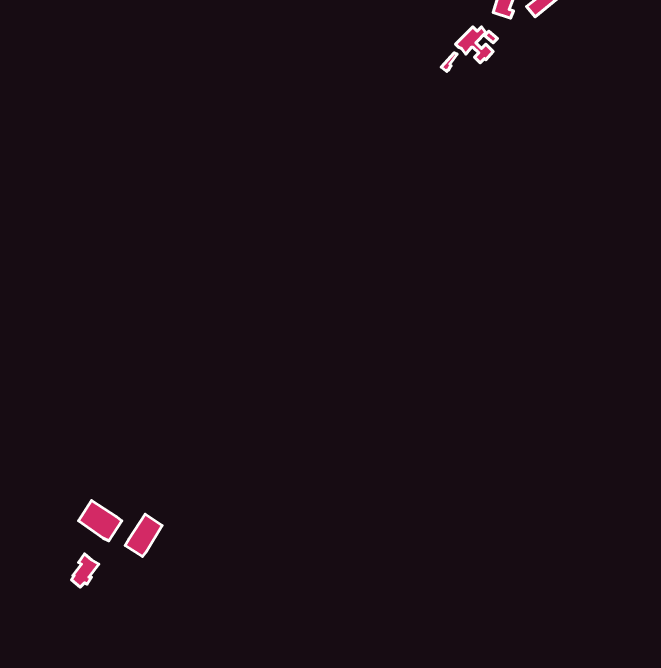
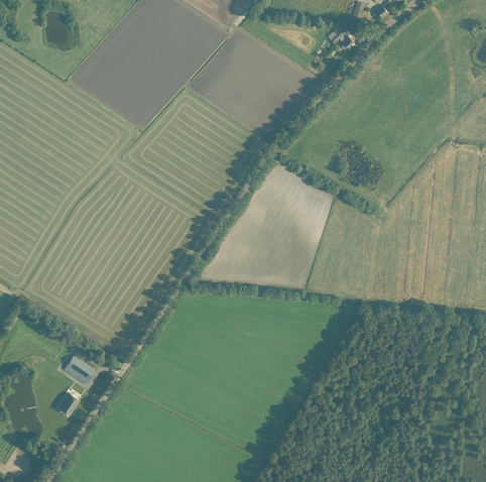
building: [125,514,162,557] -> none

